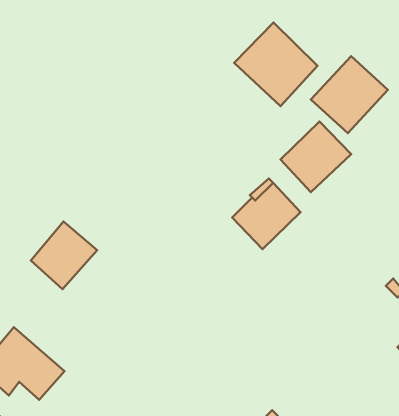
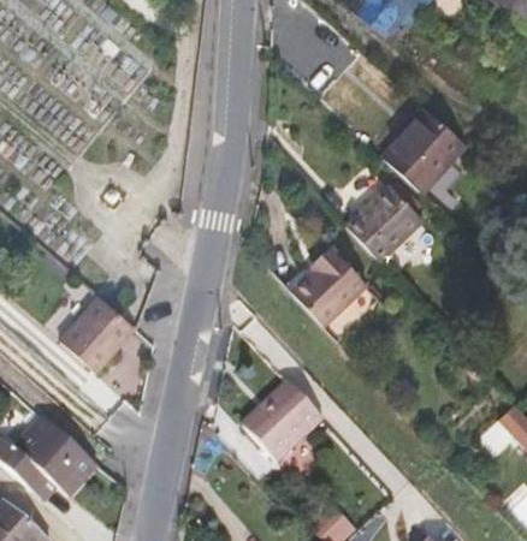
building: [234,22,317,106] -> none
building: none -> [242,379,324,463]

